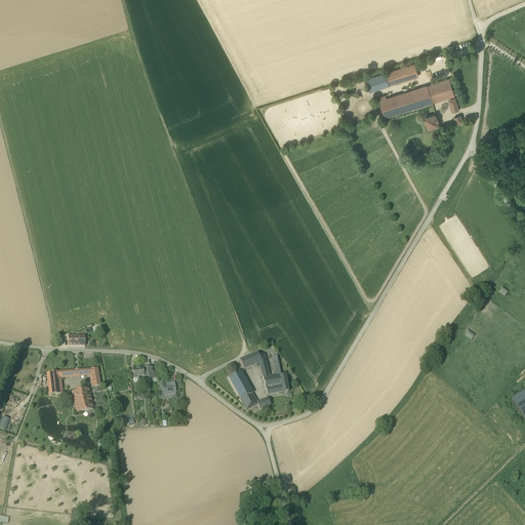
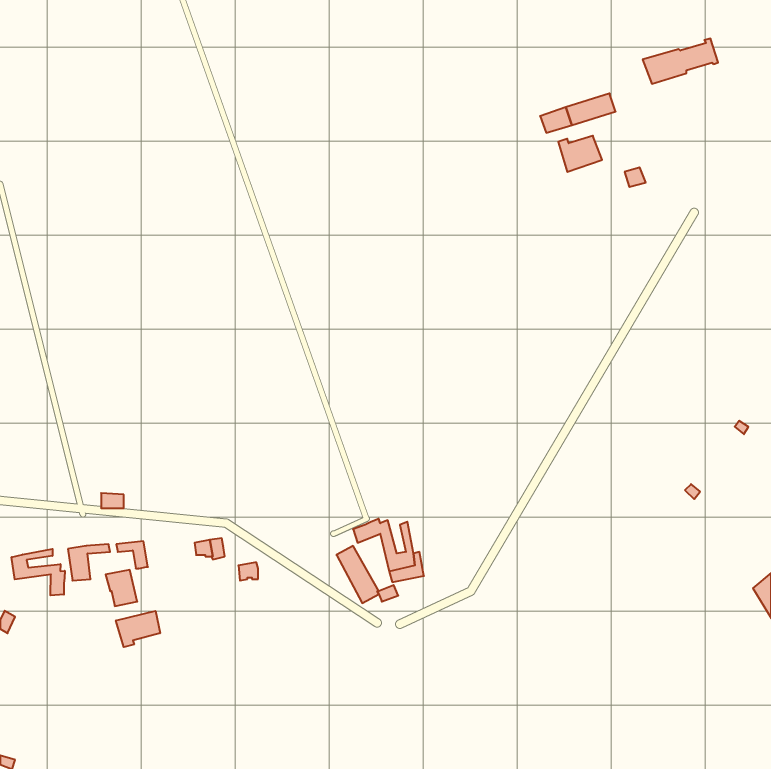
building: [403,78,454,109] -> [643,39,718,84]
building: none -> [12,549,65,595]
building: none -> [116,611,160,647]

